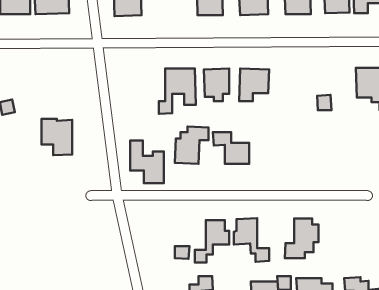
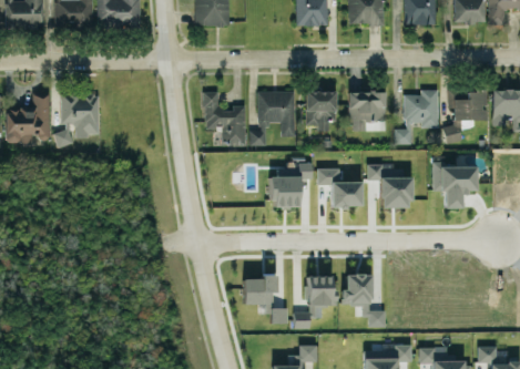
building: none -> [395,90,438,144]
building: none -> [447,90,488,121]
building: [41,119,72,155] -> [61,92,99,136]
building: none -> [431,162,476,207]
building: none -> [367,164,409,208]
building: [130,141,164,183] -> [204,92,245,144]
building: none -> [242,274,274,304]
building: [285,218,318,258] -> none

